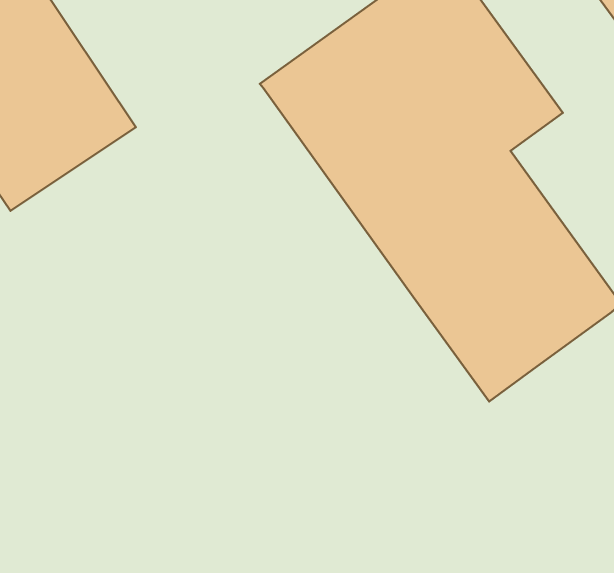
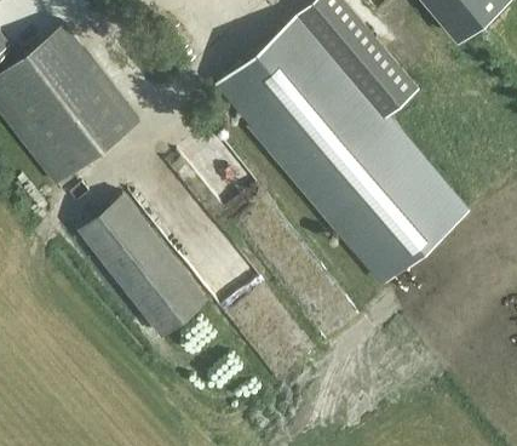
building: none -> [77,195,209,339]

